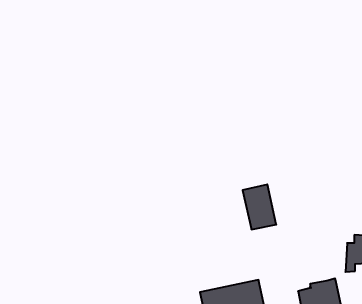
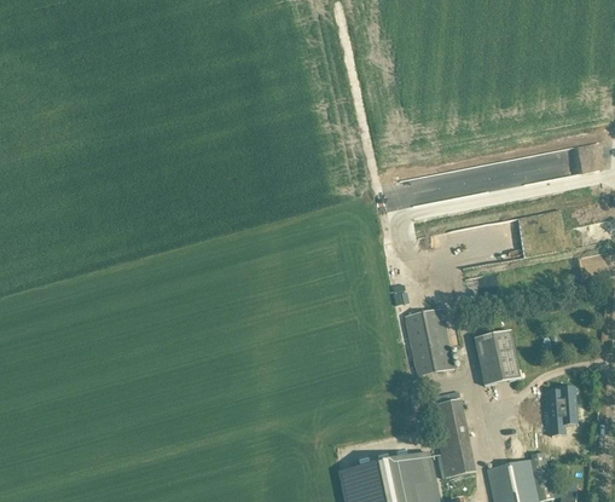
building: none -> [472,330,520,386]
building: none -> [429,399,475,478]

